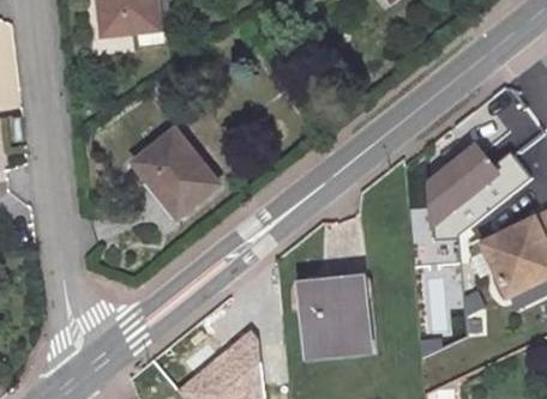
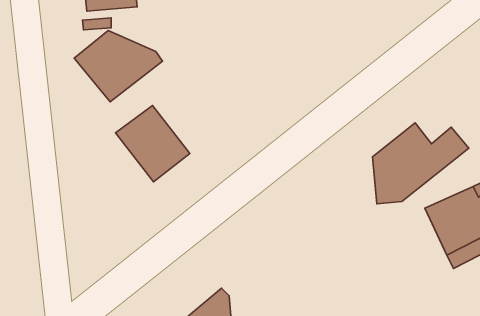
building: none -> [74,31,162,102]
building: [300,280,367,353] -> none

